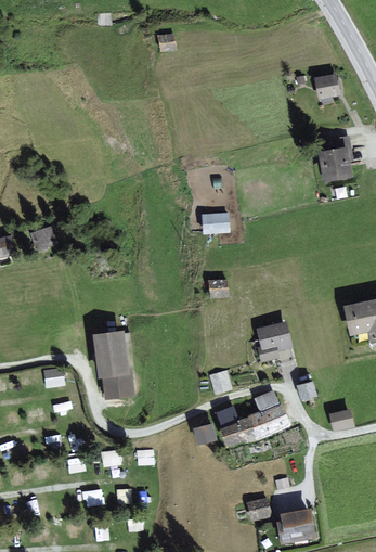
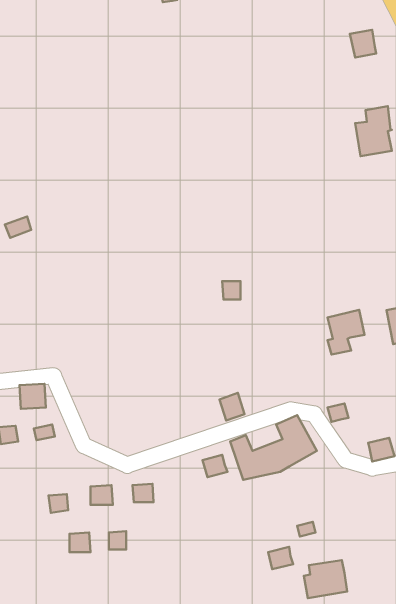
building: [203,213,228,232] -> none
building: [258,323,288,360] -> [328,310,364,354]
building: [94,331,131,396] -> none

